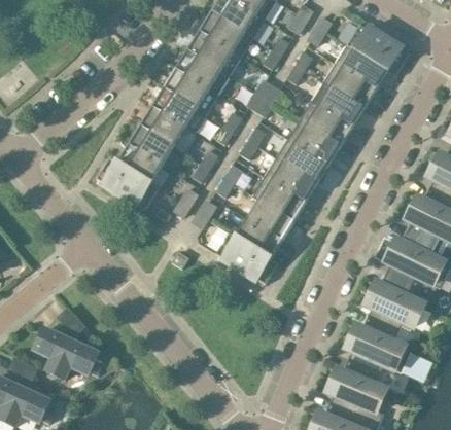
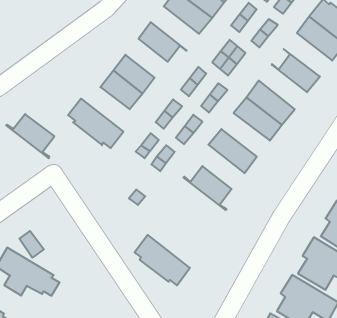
building: [175,48,229,94] -> none
building: [322,63,376,107] -> none
building: [151,86,198,127] -> none
building: [299,100,352,145] -> none
building: [108,143,162,188] -> [6,114,54,158]
building: [264,156,317,201] -> none
building: [247,193,293,239] -> none
building: [215,231,277,283] -> [135,235,190,285]

